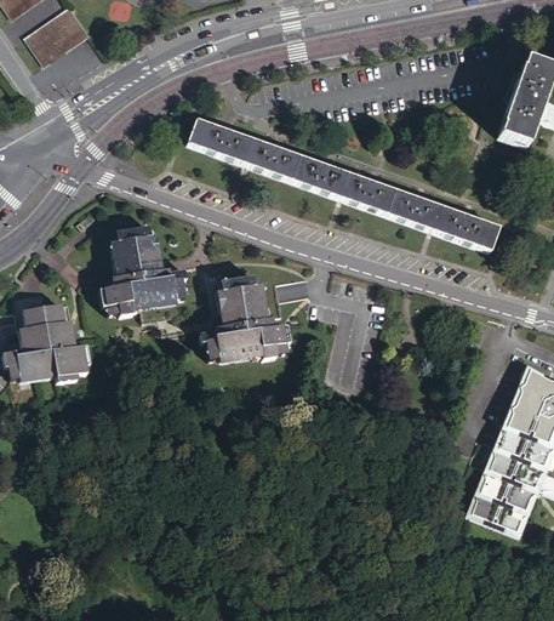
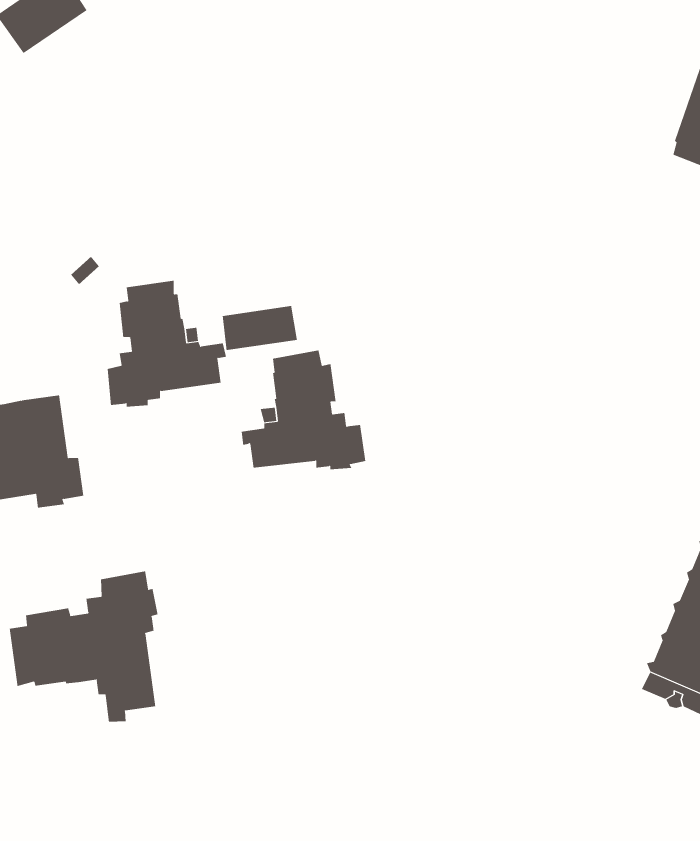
building: [185,120,498,251] -> none
building: none -> [222,305,298,351]
building: none -> [9,571,158,722]

